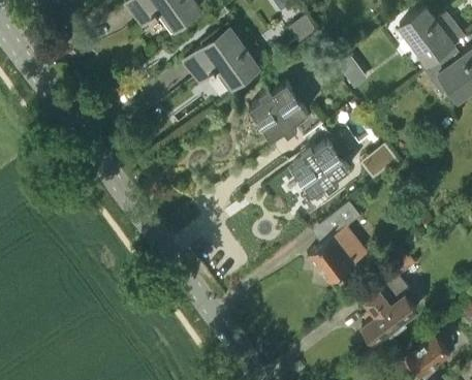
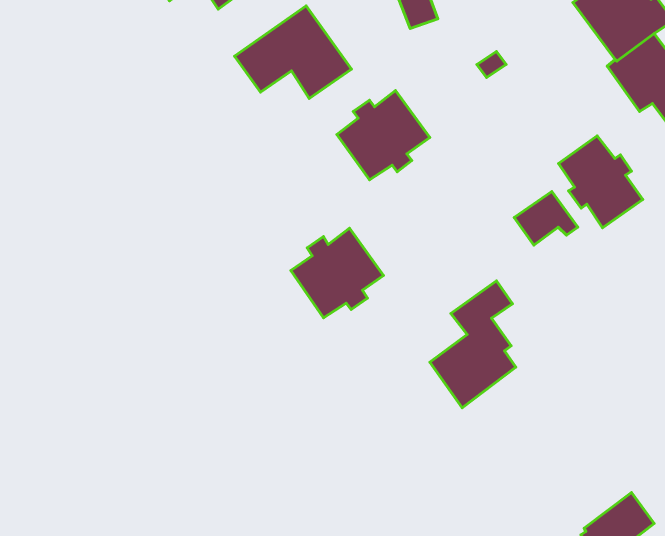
building: none -> [559,136,643,228]
building: [290,140,349,197] -> [291,228,384,318]
building: [363,255,416,342] -> none

